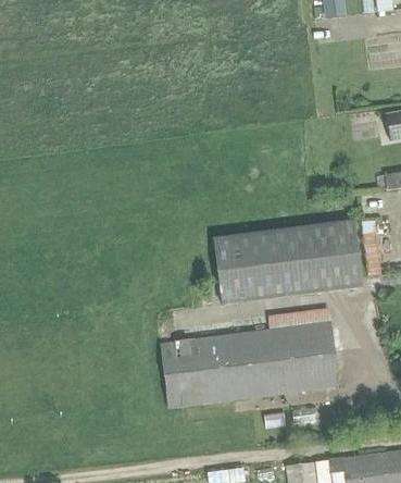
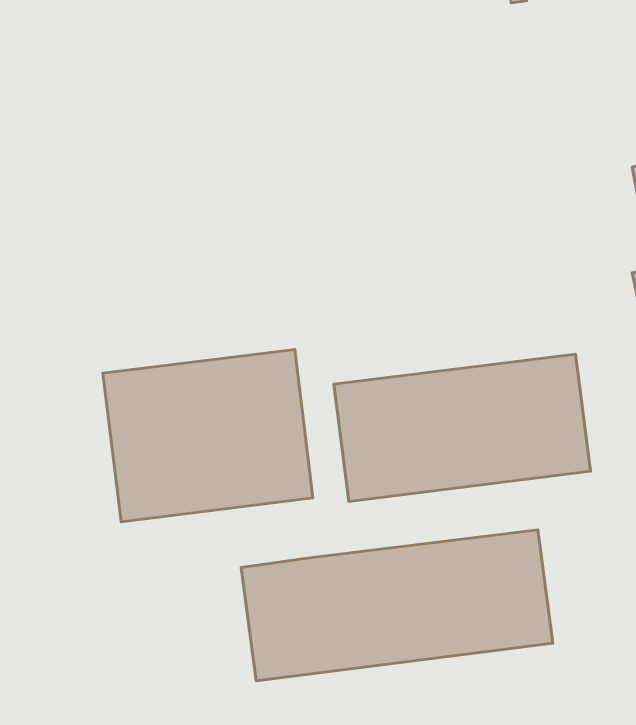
building: none -> [103,349,313,522]

